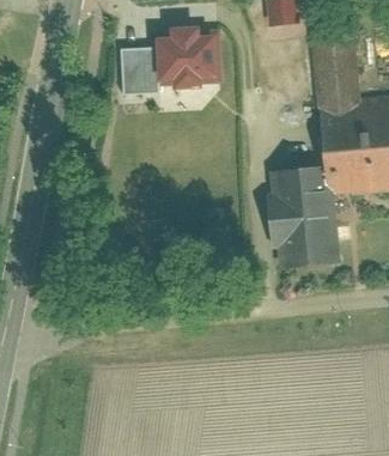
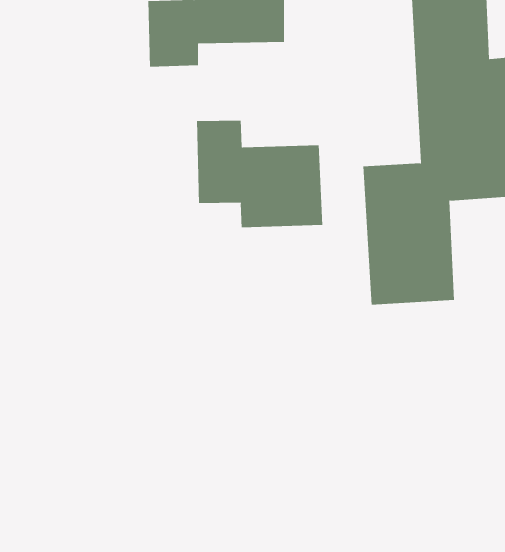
building: none -> [197,120,323,228]

